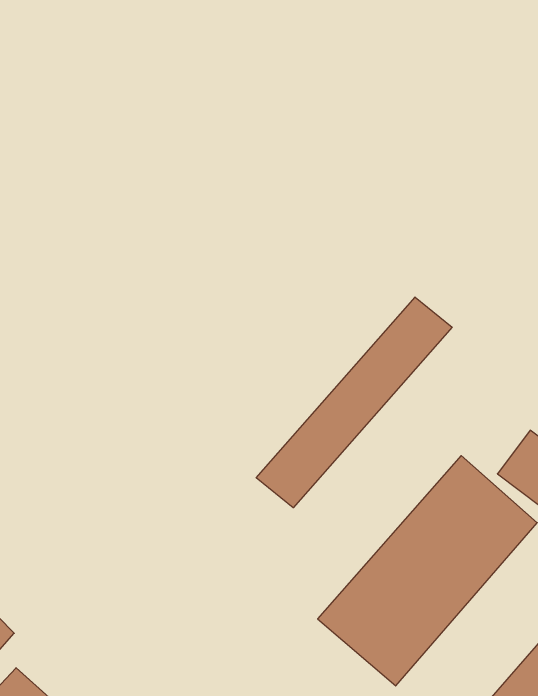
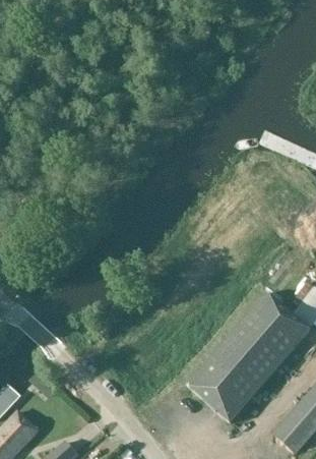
building: [256,297,452,508] -> none

